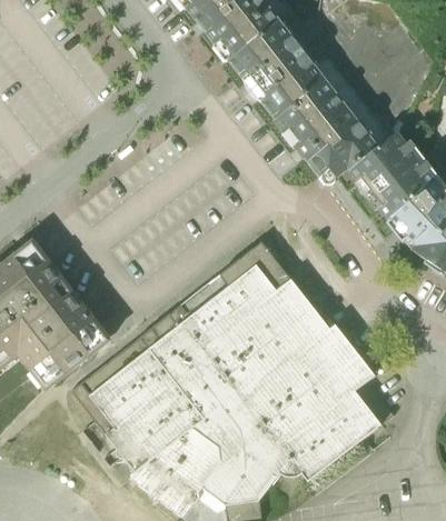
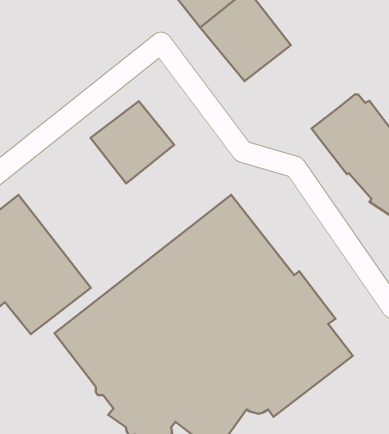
building: [277,80,379,183] -> none
building: none -> [91,101,174,184]

